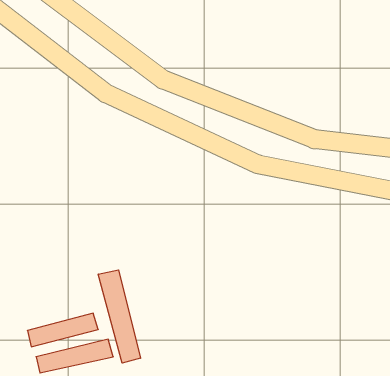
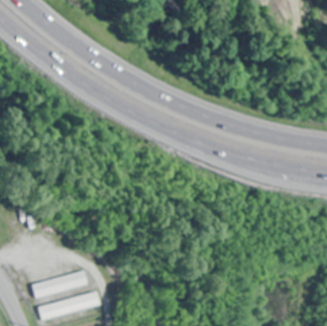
building: [98,270,141,363] -> none

